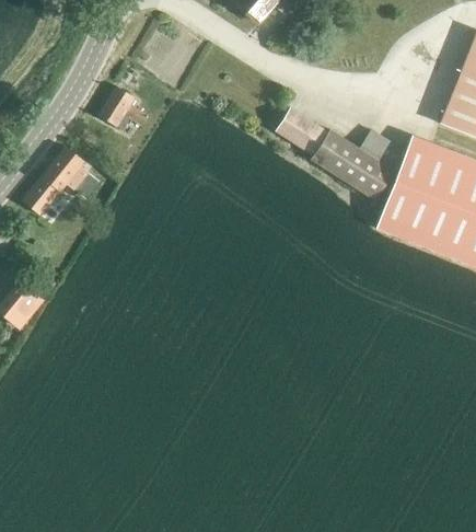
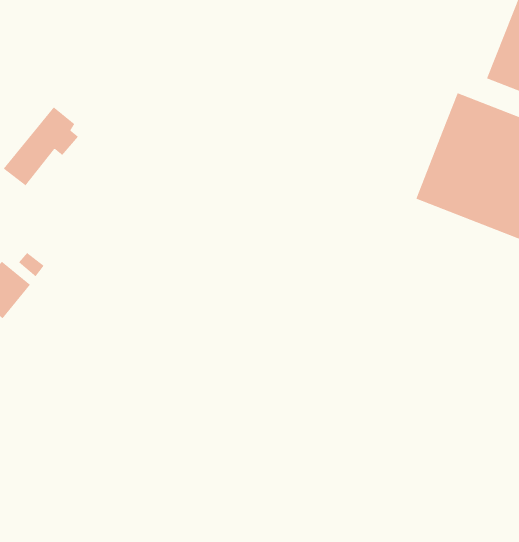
building: [100,86,148,129] -> none
building: [276,108,406,200] -> none

